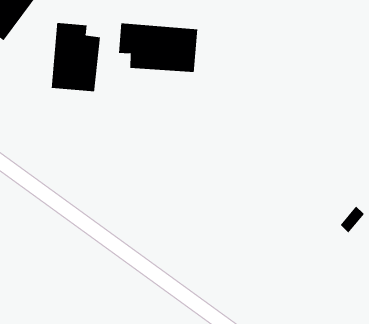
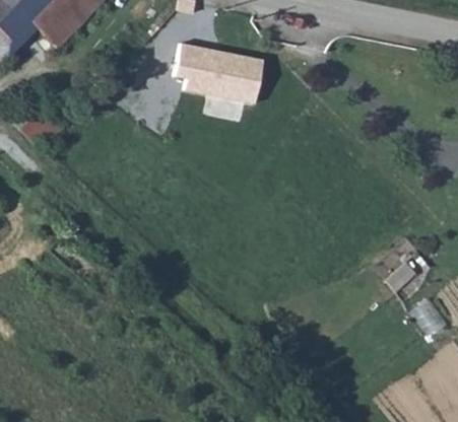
building: [51,22,101,92] -> none

